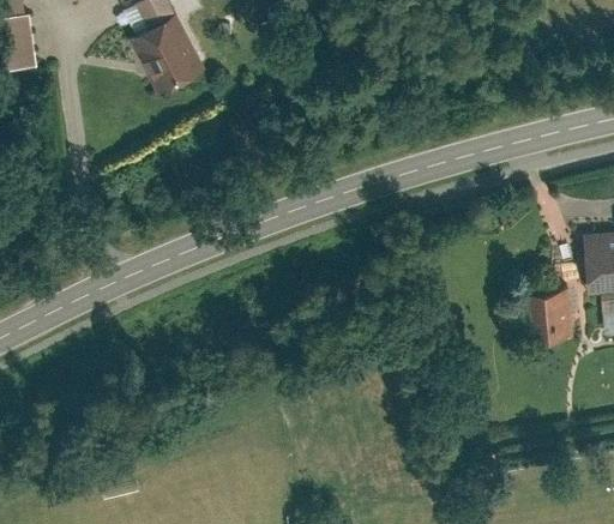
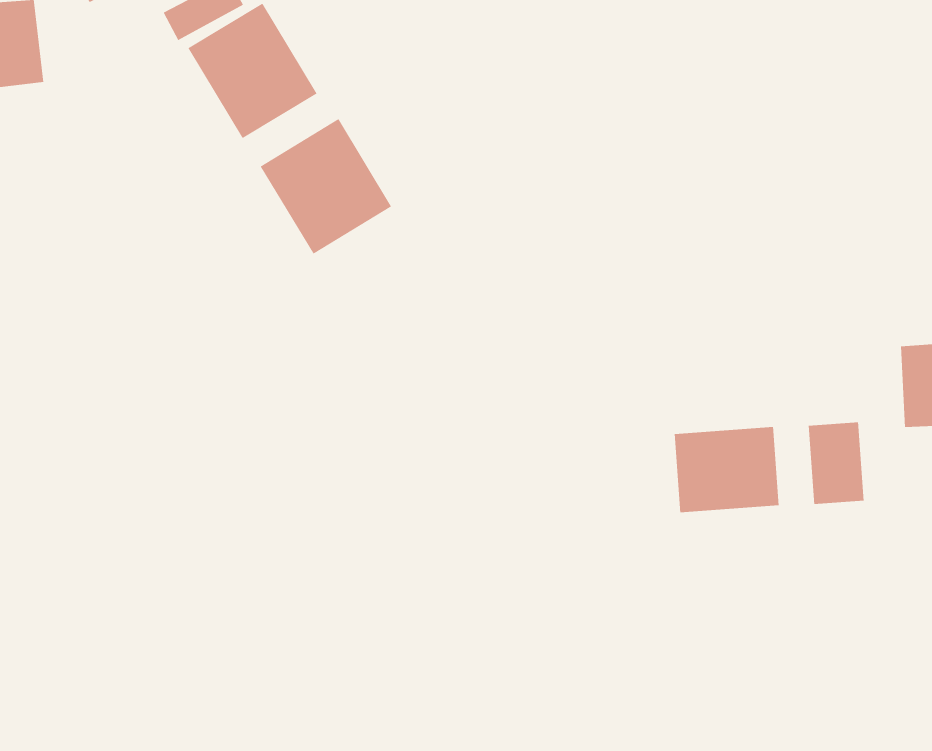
building: none -> [260,118,392,254]
building: none -> [674,426,779,513]

